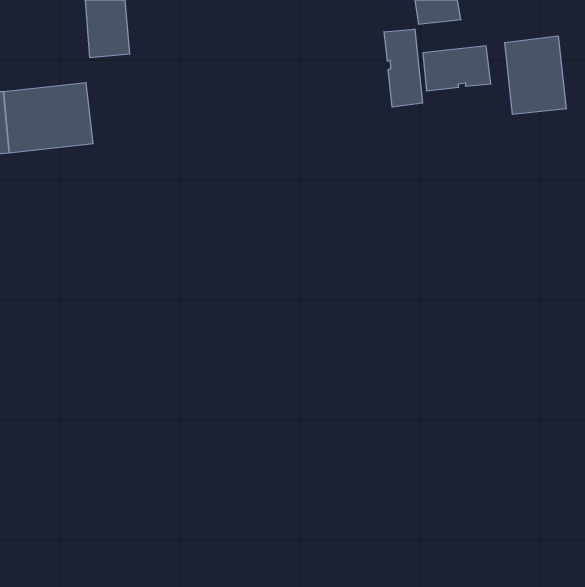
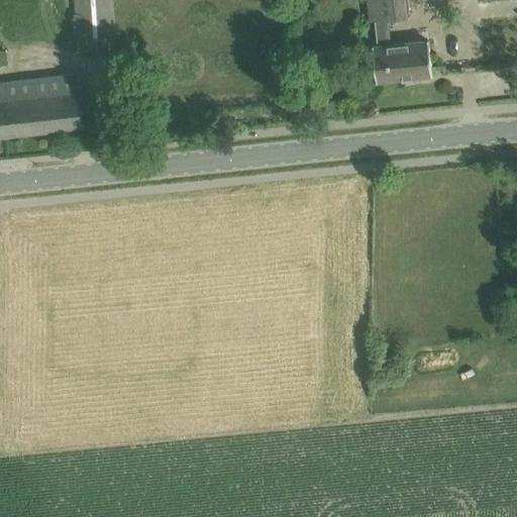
building: [384,29,423,107] -> none
building: [505,36,566,114] -> none

